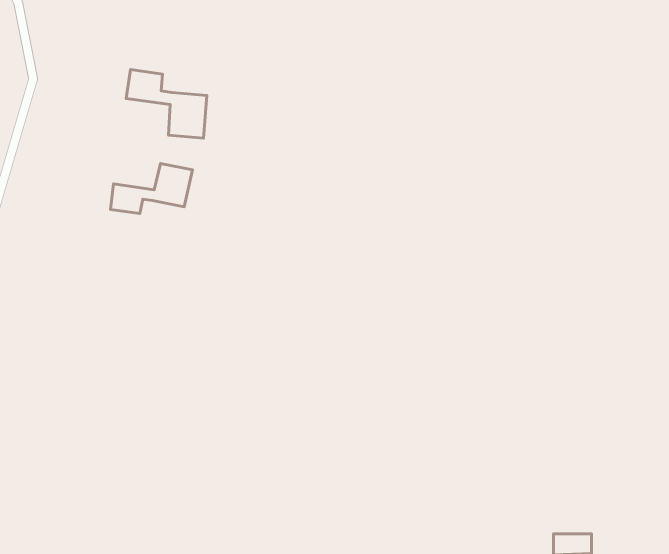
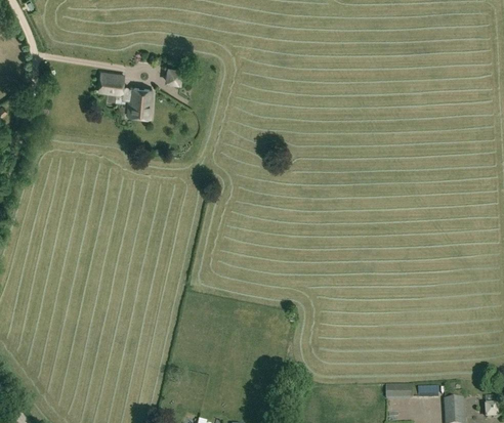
building: [110,163,192,214] -> none

